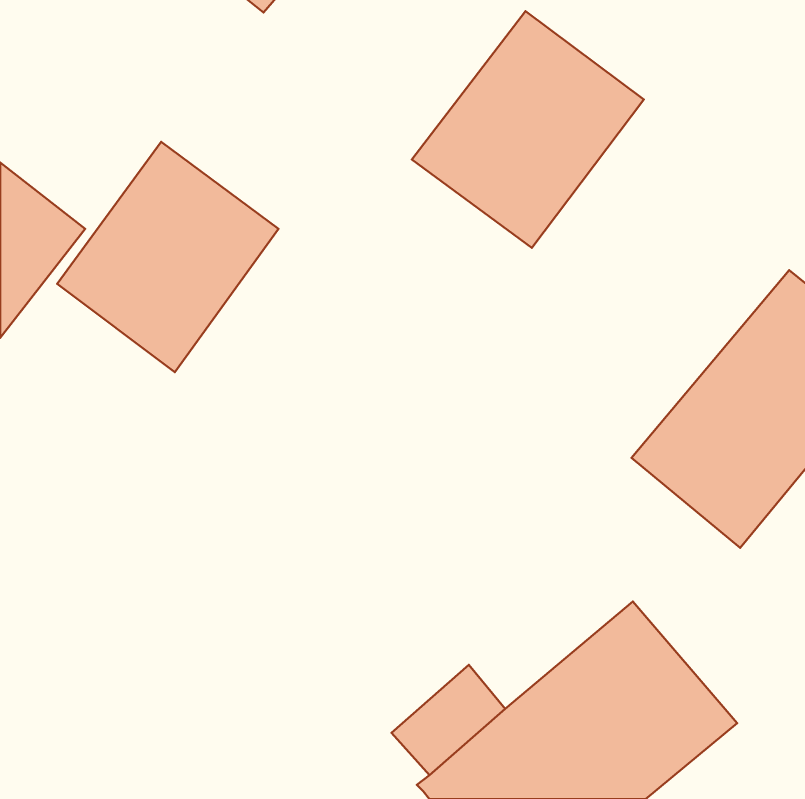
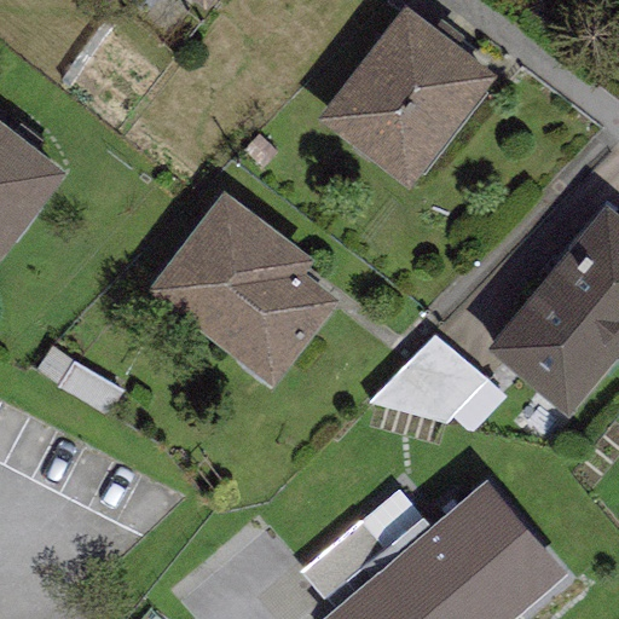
building: [57,142,278,372] -> none
building: none -> [149,193,339,388]
building: none -> [371,334,507,428]

